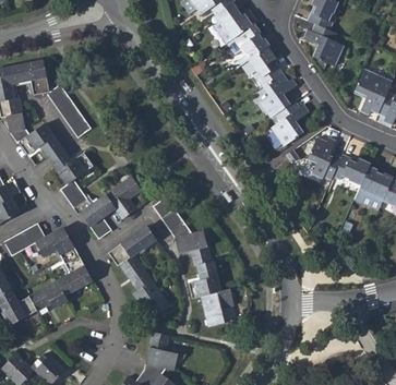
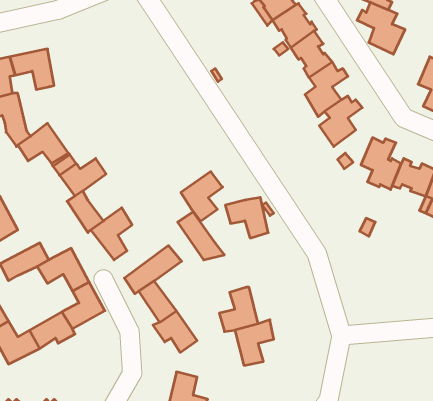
building: [45,84,91,137] -> none
building: [106,177,141,218] -> [181,172,223,221]
building: [175,231,211,265] -> [225,197,268,238]

